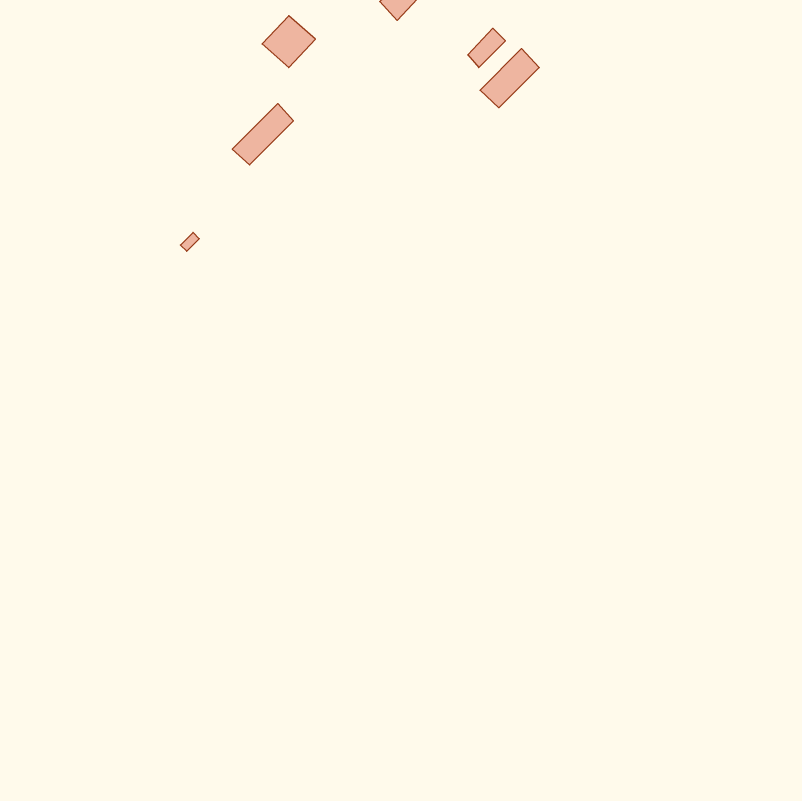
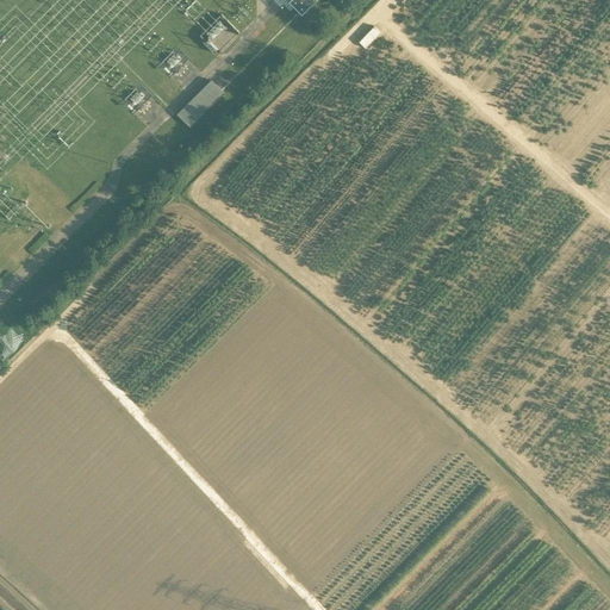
building: [480,49,539,108] -> none

